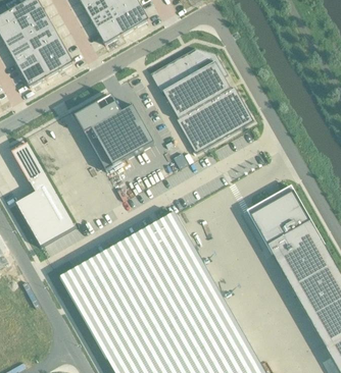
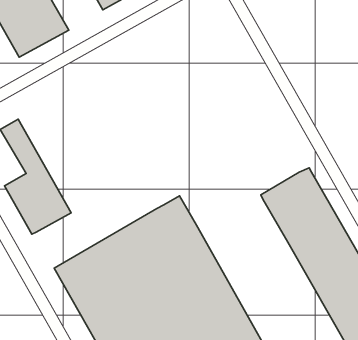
building: [150,47,253,152] -> none
building: [75,94,154,170] -> none

